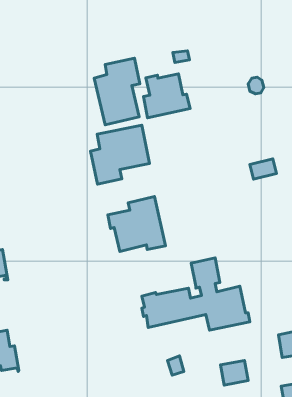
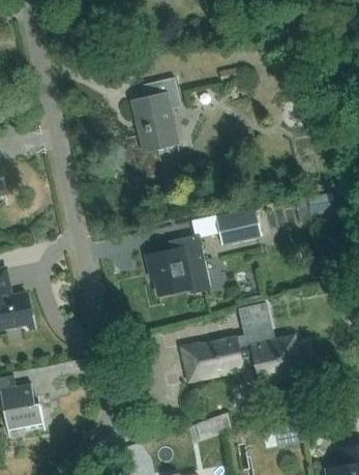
building: [143,74,190,118] -> none
building: [90,125,149,184] -> none
building: none -> [216,209,261,245]

